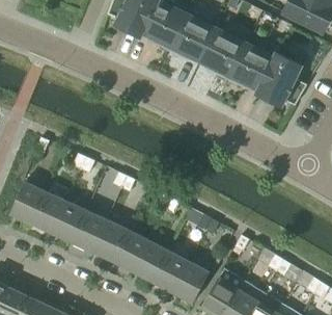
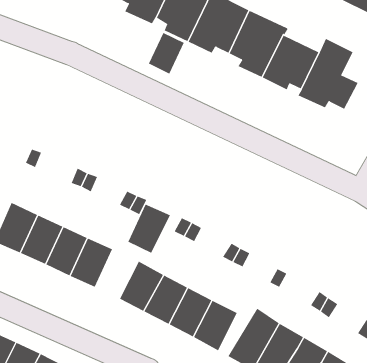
building: none -> [148,32,185,74]
building: [92,220,128,261] -> [127,204,171,253]

